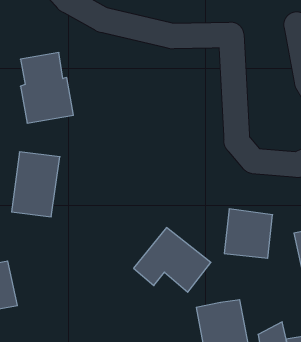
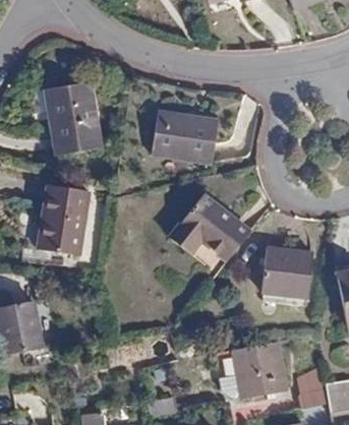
building: none -> [151,111,218,163]
building: [134,228,211,292] -> [168,194,249,262]

